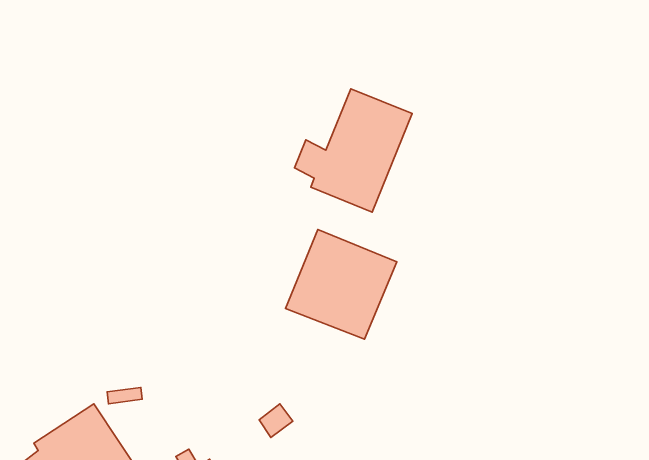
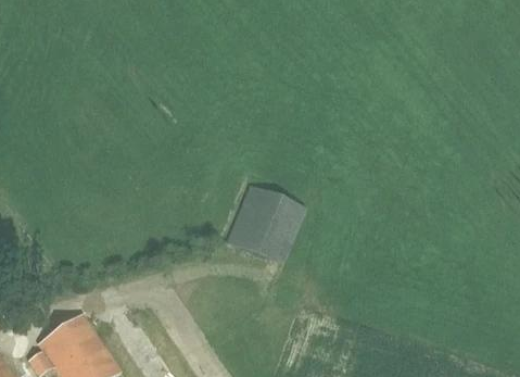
building: [295,89,412,212] -> none

